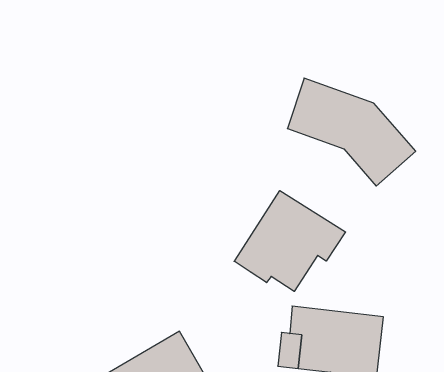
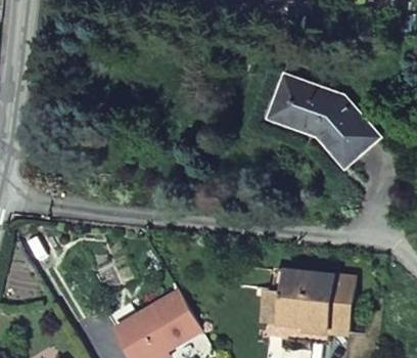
building: [234,191,346,291] -> none

